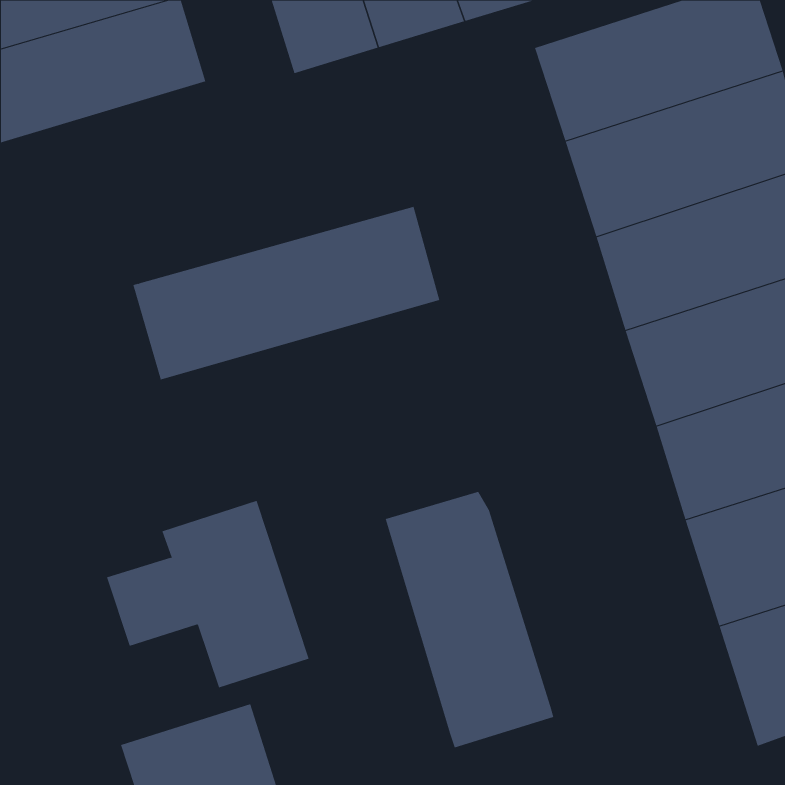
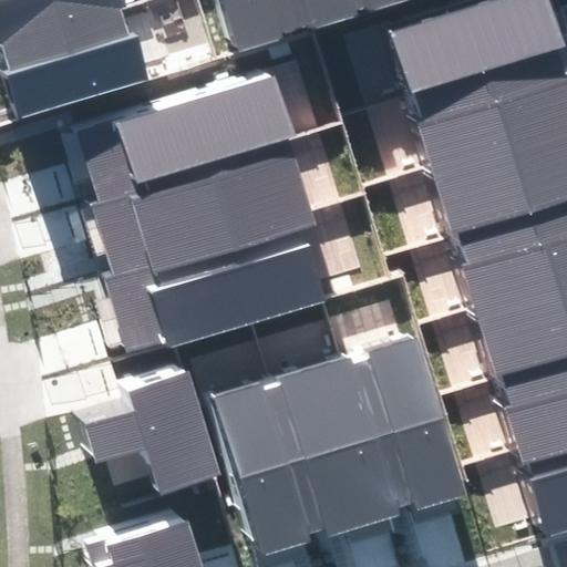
building: none -> [80,76,299,205]
building: none -> [107,217,338,352]
building: none -> [353,333,468,516]
building: none -> [205,374,324,561]

